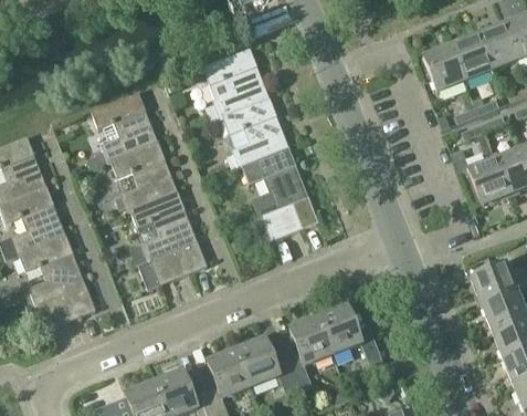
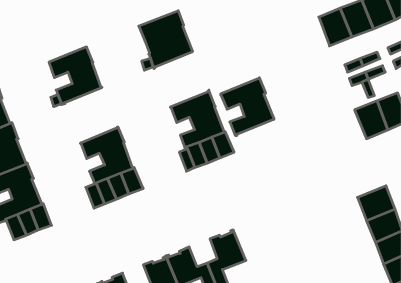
building: [222,95,287,166] -> [221,78,274,135]
building: [110,139,176,211] -> none
building: [318,304,381,362] -> none

